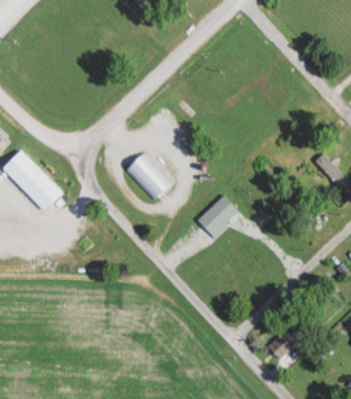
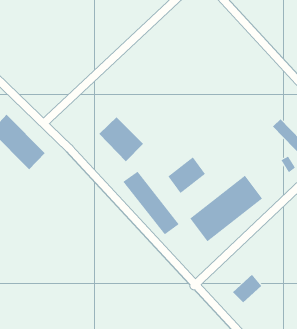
building: none -> [123,171,180,235]
building: none -> [189,175,263,242]

